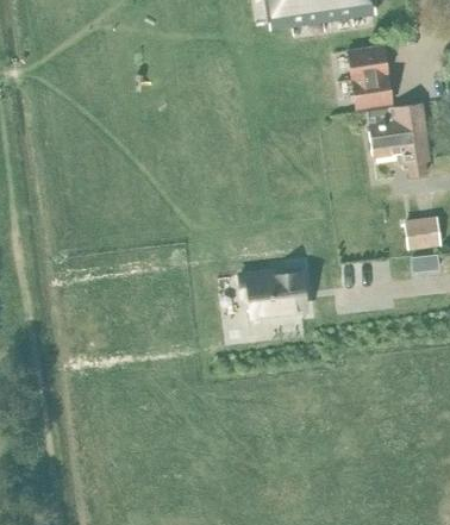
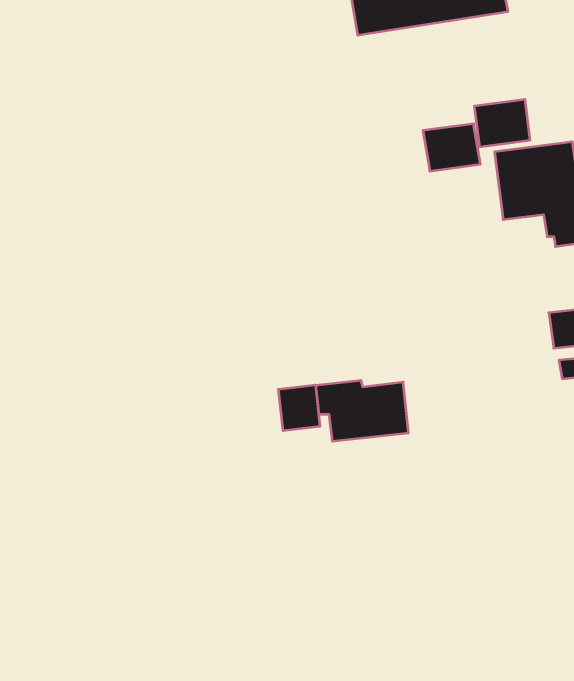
building: [348,44,388,77] -> [423,124,480,171]
building: none -> [278,385,320,431]

